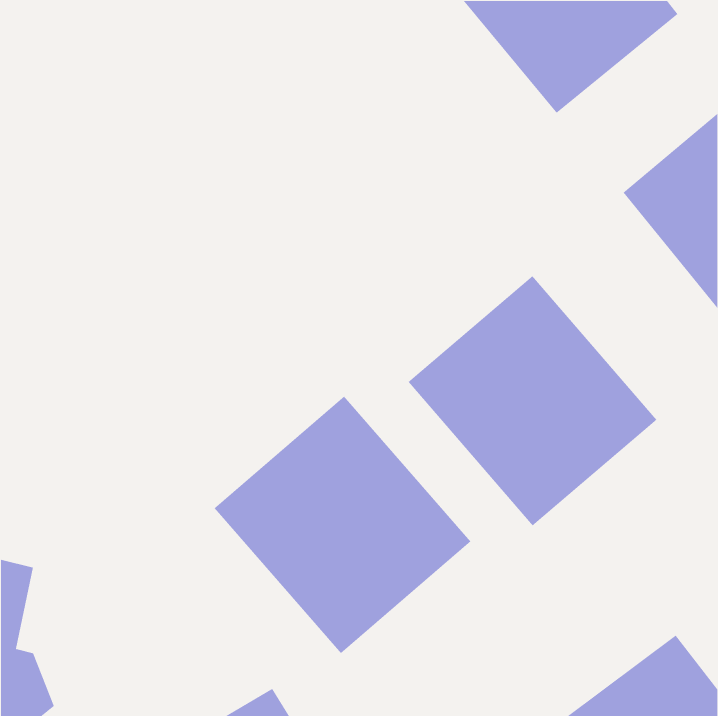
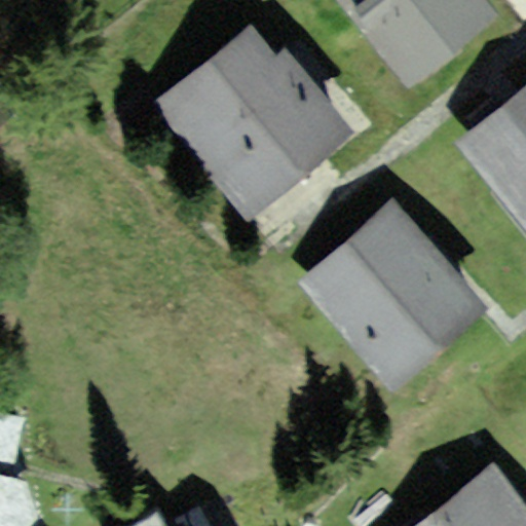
building: none -> [156,26,356,219]
building: [214,396,471,654] -> none

